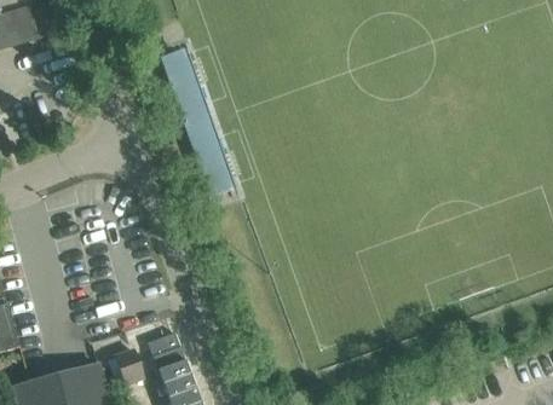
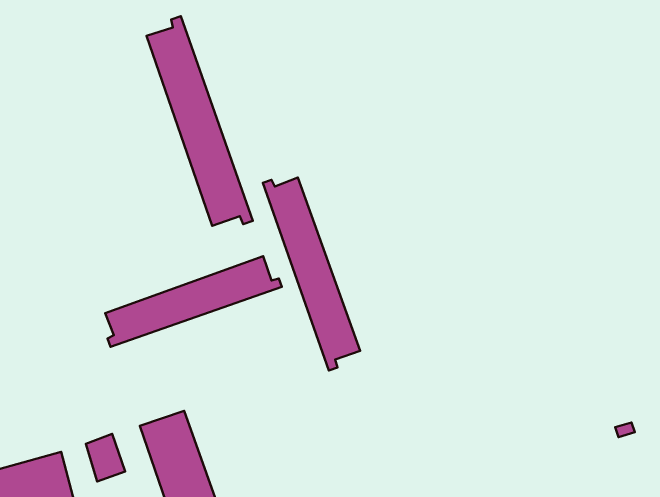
building: none -> [263,177,360,371]
building: none -> [105,256,282,347]

